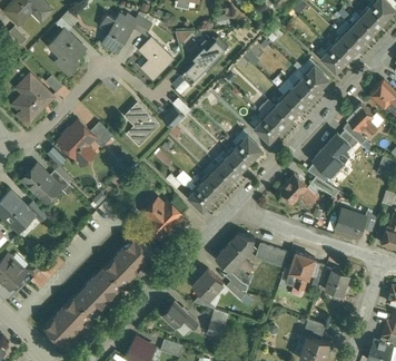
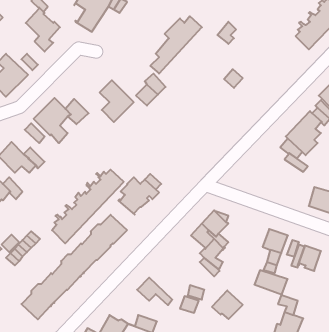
building: [139,37,174,79] -> none
building: [256,66,328,140] -> none
building: [189,136,261,211] -> [52,170,124,243]
building: [278,174,315,208] -> none
building: [255,244,288,269] -> [254,270,288,294]
building: [192,270,224,299] -> [212,290,243,319]

